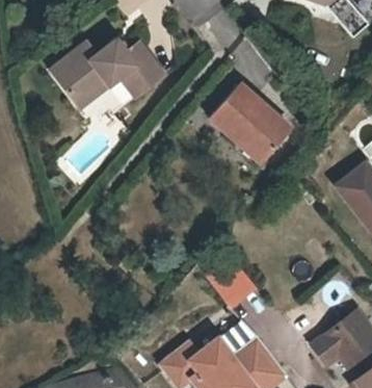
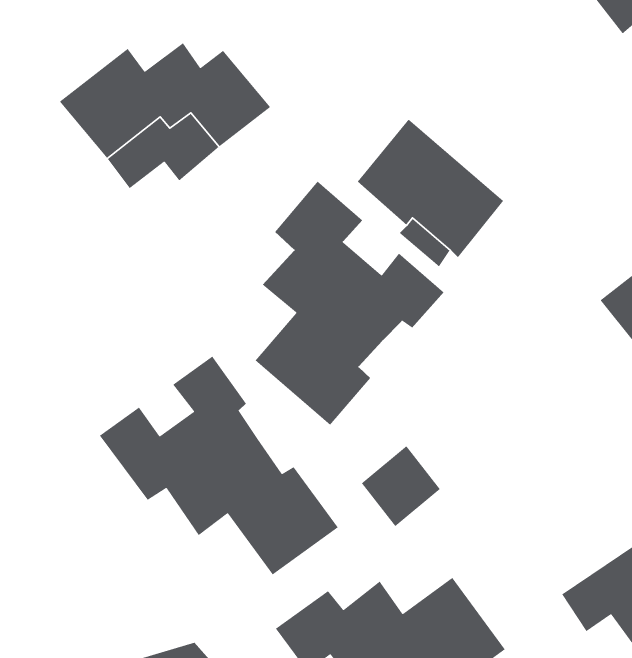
building: none -> [255,180,444,426]
building: none -> [99,355,339,576]

